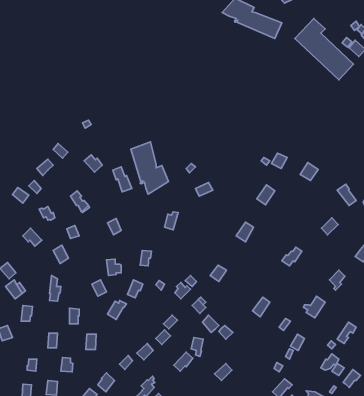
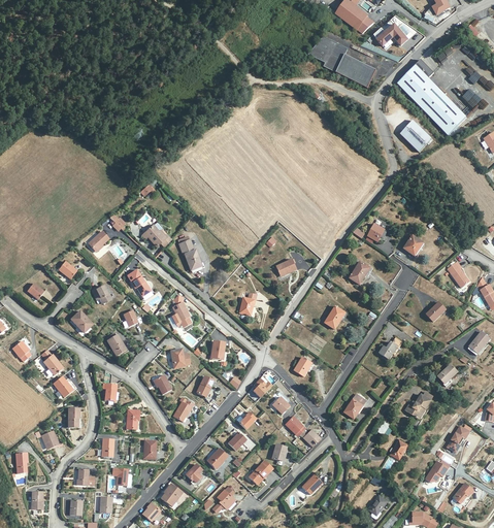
building: none -> [398,123,430,154]
building: [131,142,168,194] -> none

